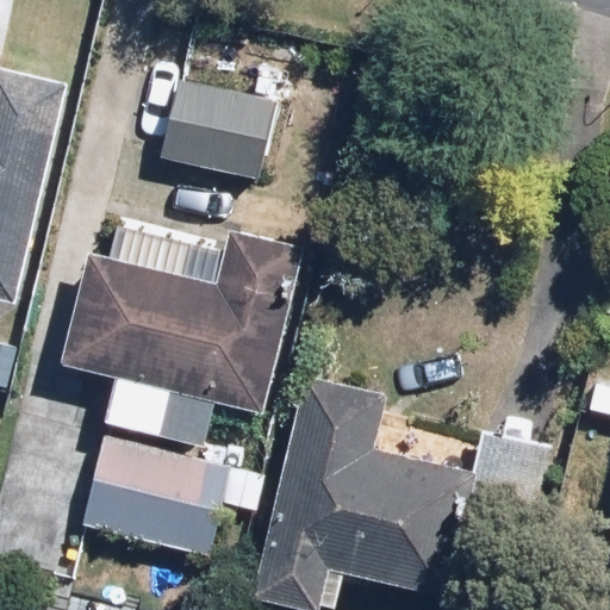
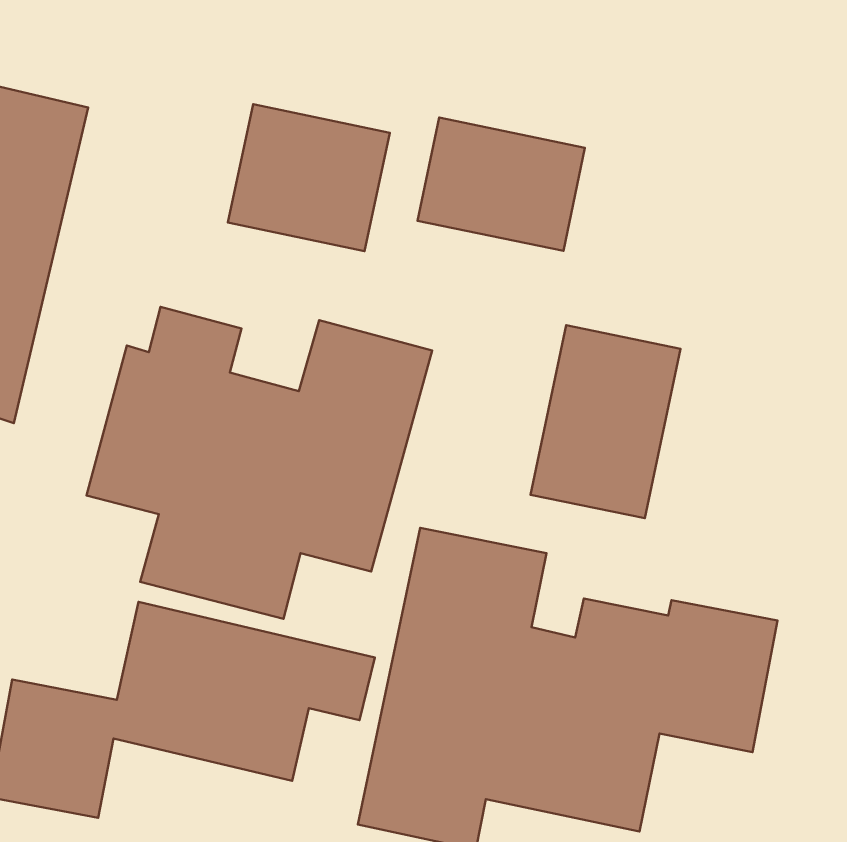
building: none -> [417,118,585,251]
building: none -> [530,325,681,518]

